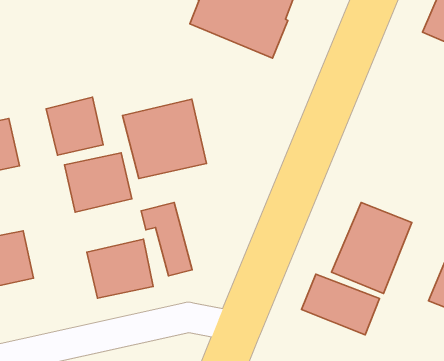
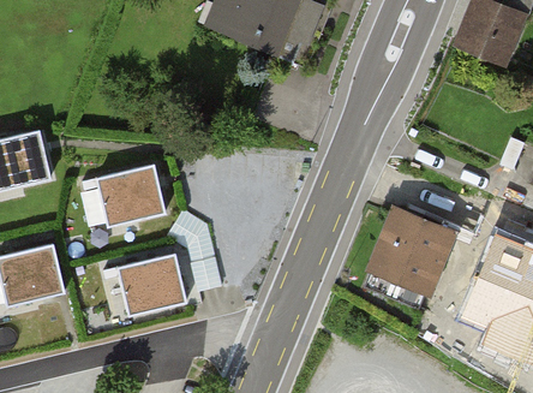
building: [46,97,103,155] -> none
building: [123,99,206,179] -> none
building: [302,274,380,335] -> none

